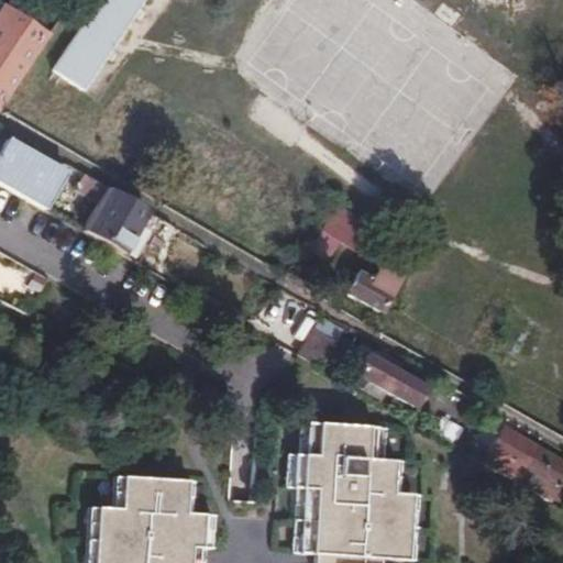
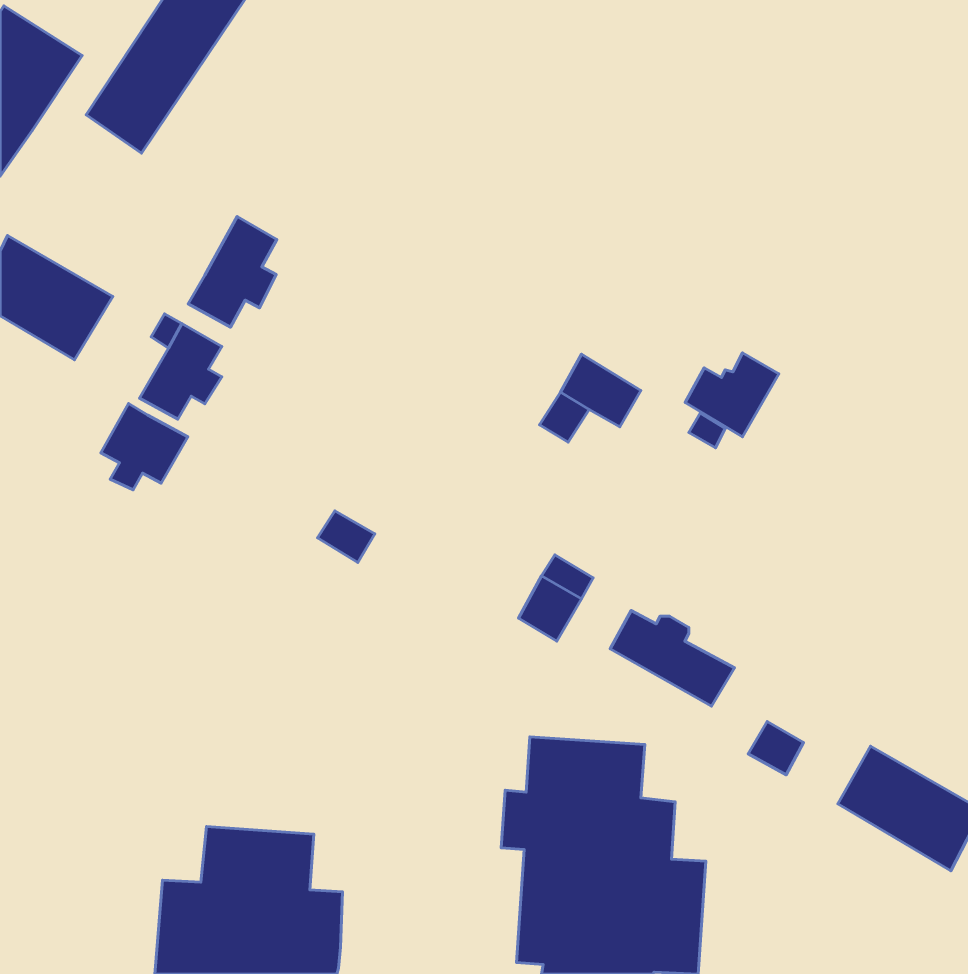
building: none -> [188,217,277,327]
building: none -> [101,403,188,490]
building: [350,262,404,310] -> [685,353,779,437]

